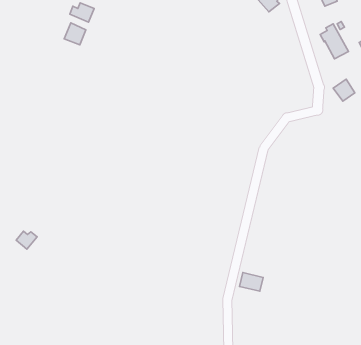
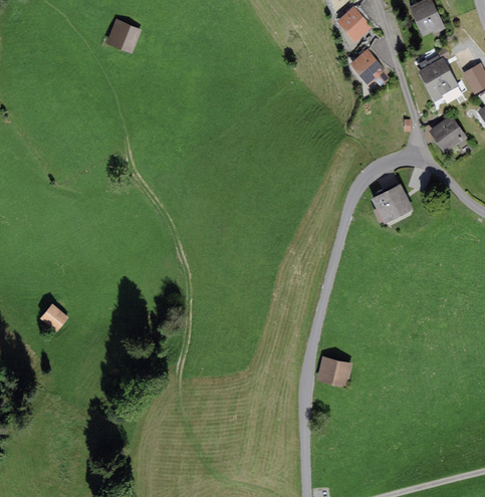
building: none -> [354,49,381,81]
building: [64,23,86,45] -> none
building: none -> [372,190,407,222]

